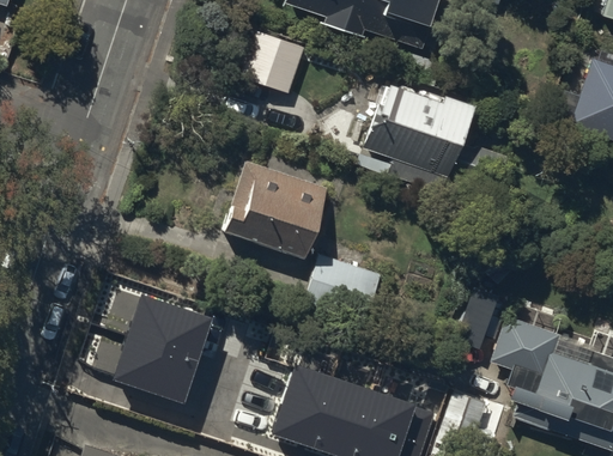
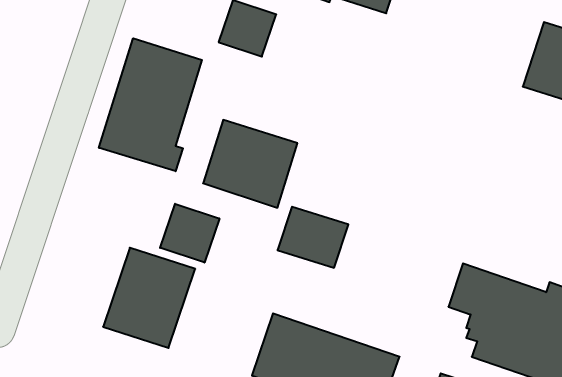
building: none -> [99,38,202,171]
building: [363,78,504,189] -> none
building: none -> [160,204,219,263]

